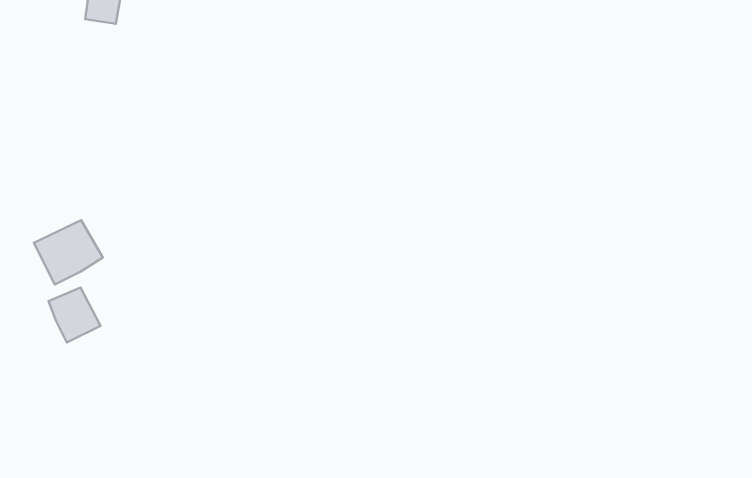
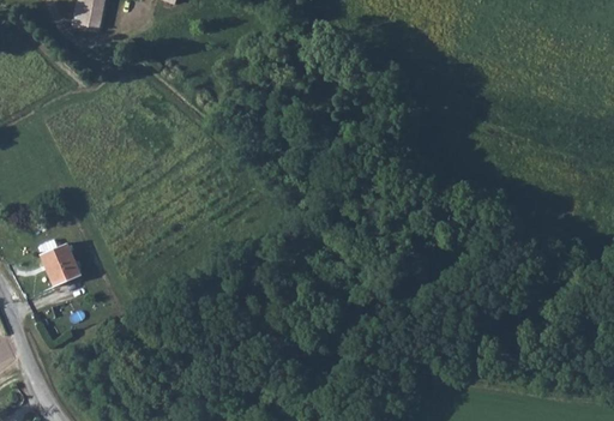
building: [34,220,103,284] -> none

